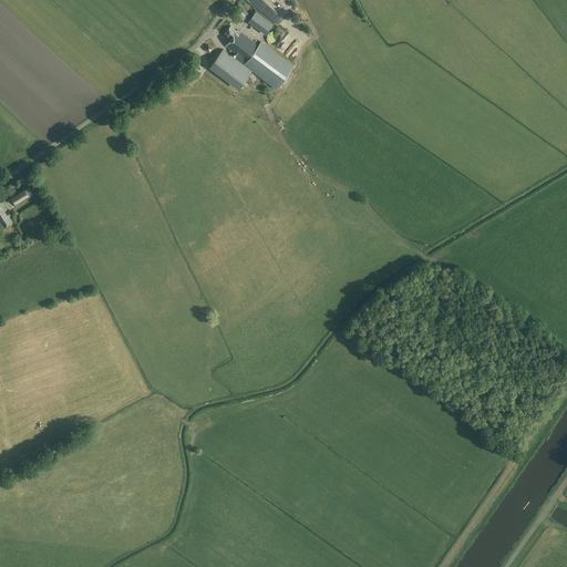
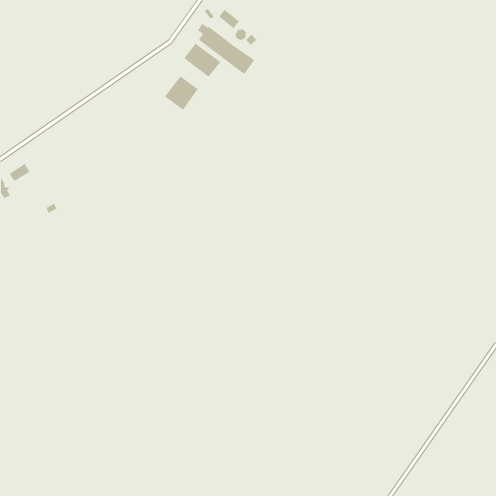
building: none -> [164,75,199,110]

